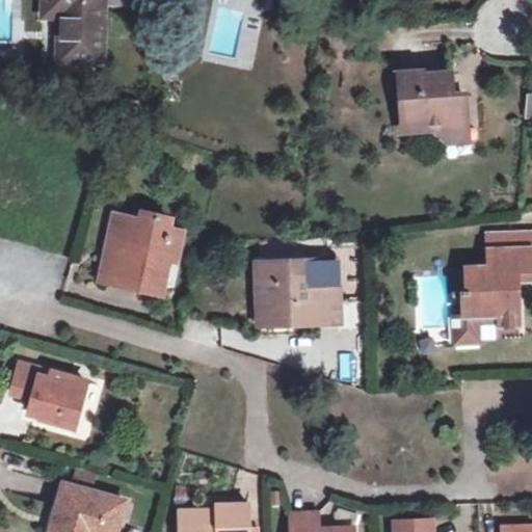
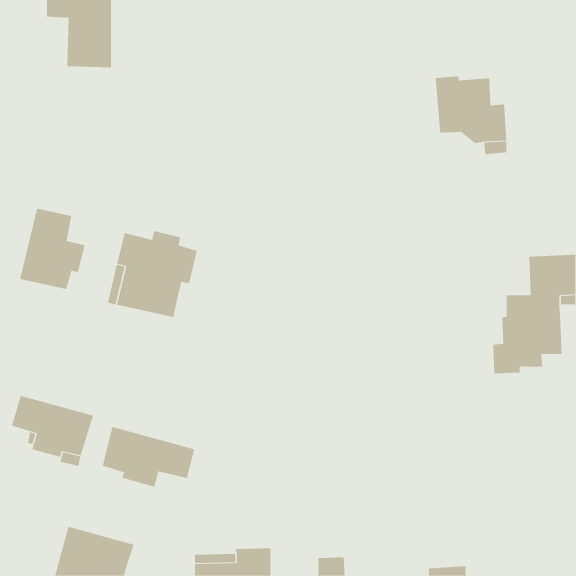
building: none -> [19,208,85,290]
building: [259,262,339,323] -> none
building: none -> [102,426,195,488]

